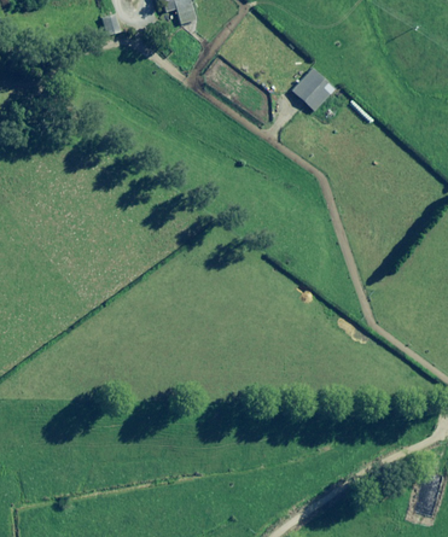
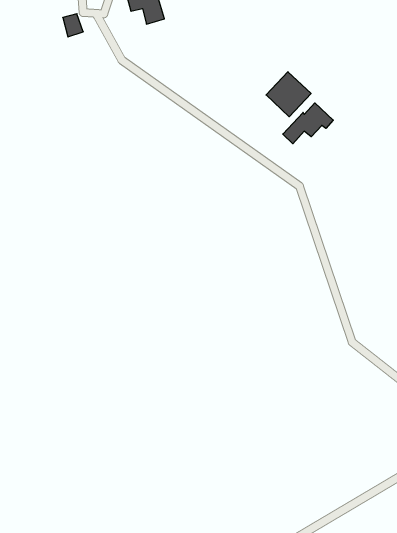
building: none -> [283,103,333,144]

